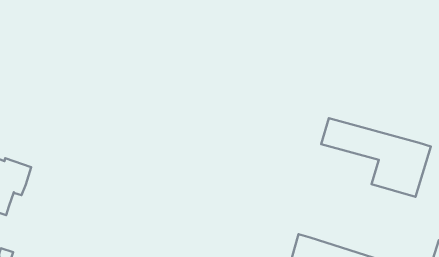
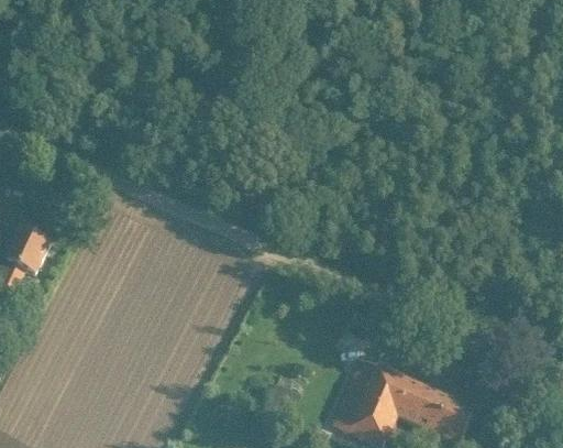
building: [321,118,431,197] -> none

